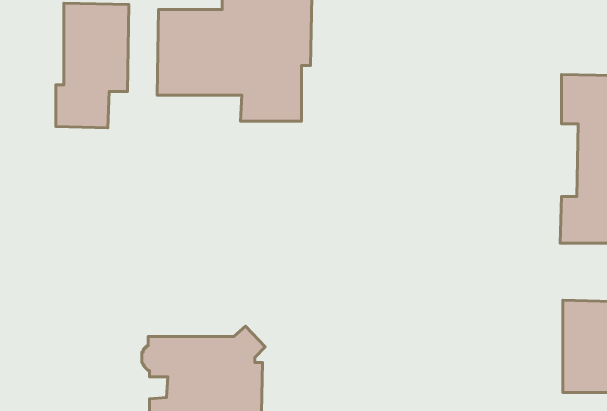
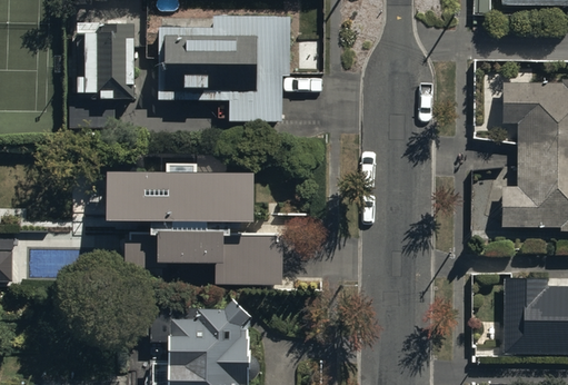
building: none -> [106,164,281,284]

